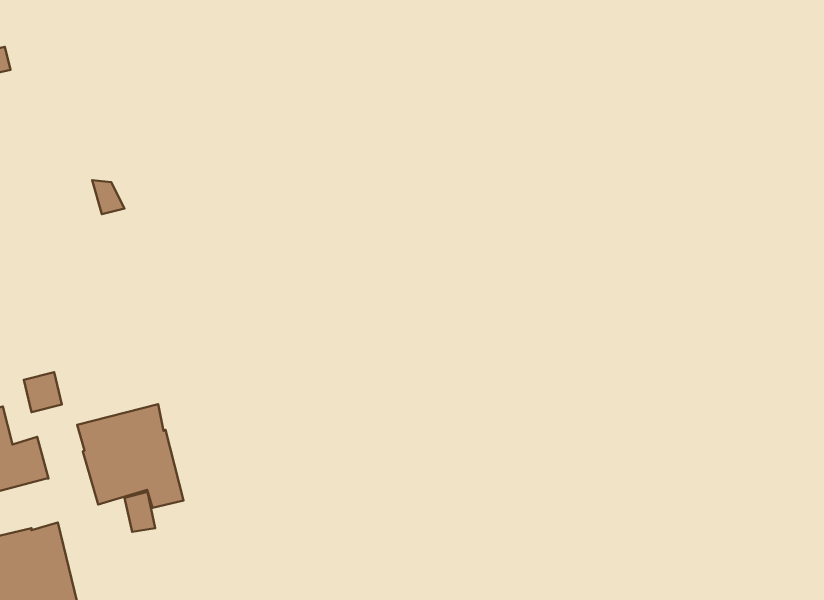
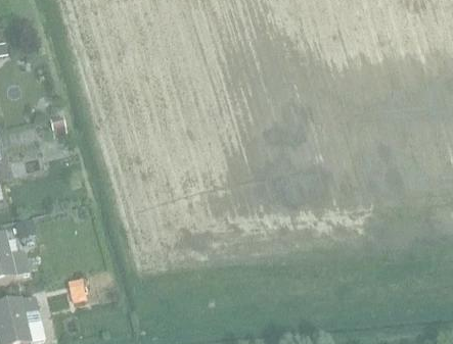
building: [77,404,183,508] -> none

